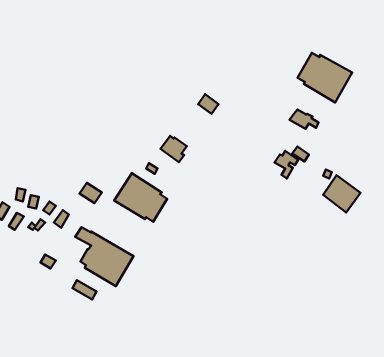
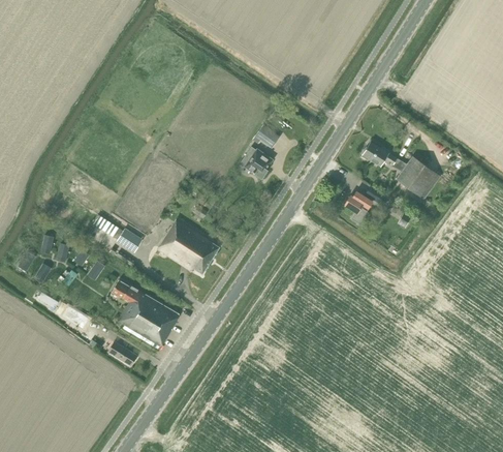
building: [298,53,352,103] -> none
building: [160,136,187,162] -> [240,148,271,179]
building: [323,175,360,212] -> [396,156,439,200]

